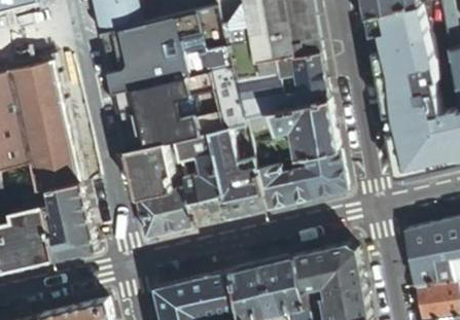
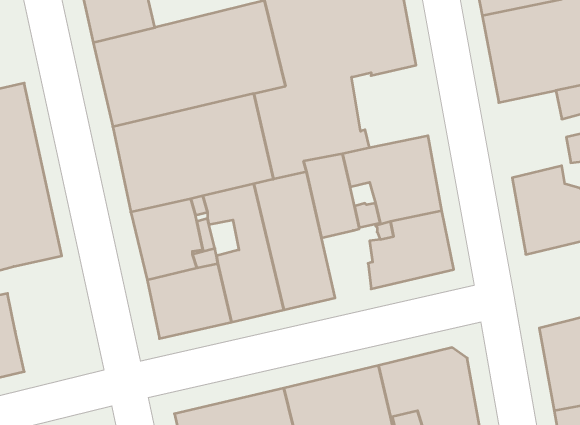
building: [277,50,329,107] -> none
building: [378,68,427,128] -> none
building: [256,164,291,210] -> none
building: [45,181,94,260] -> none

